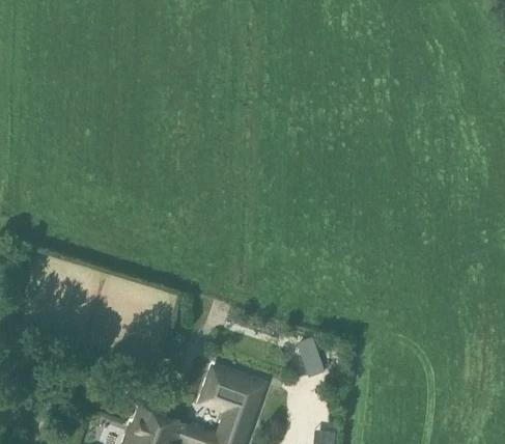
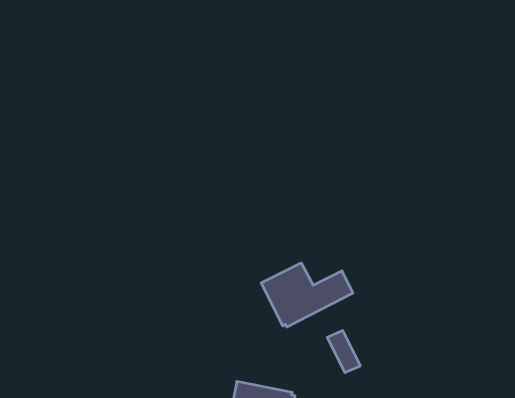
building: none -> [261,263,353,327]

